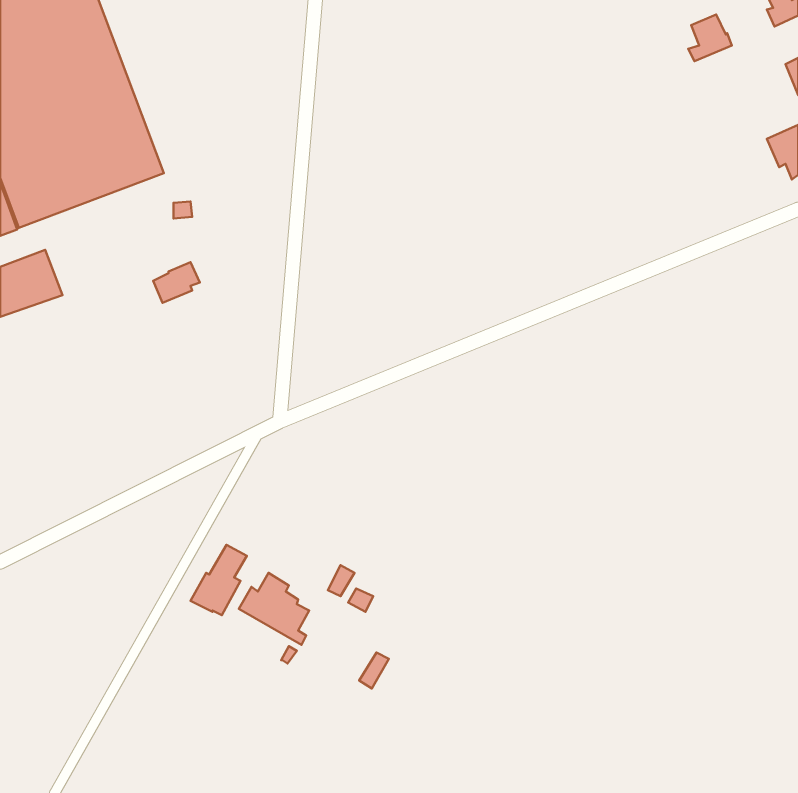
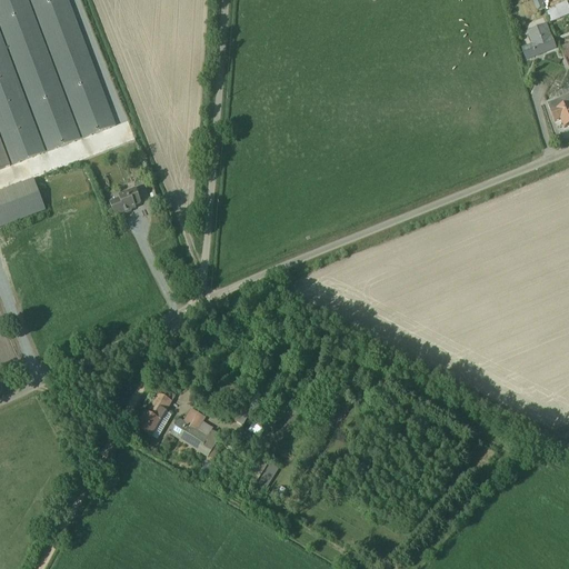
building: [688,14,732,61] -> [525,21,556,54]

